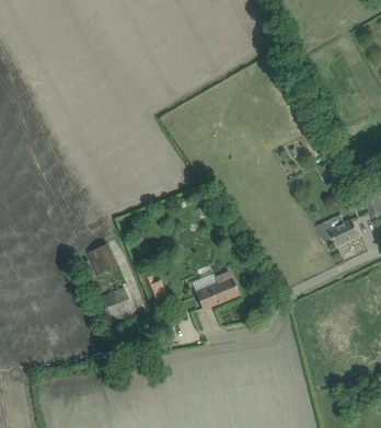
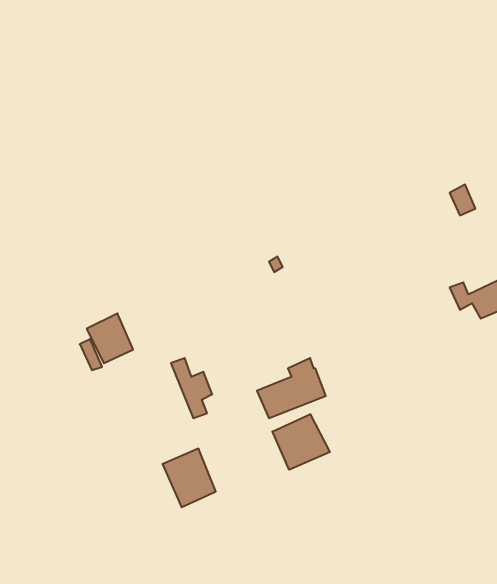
building: [100,286,134,323] -> [162,449,216,507]
building: none -> [272,414,330,470]

